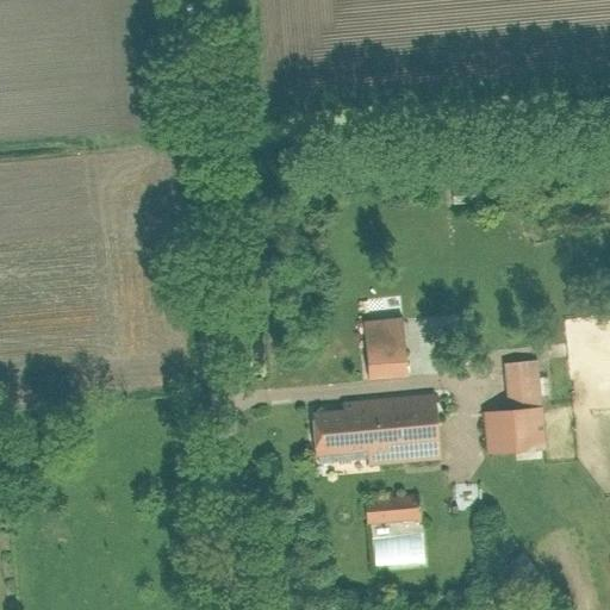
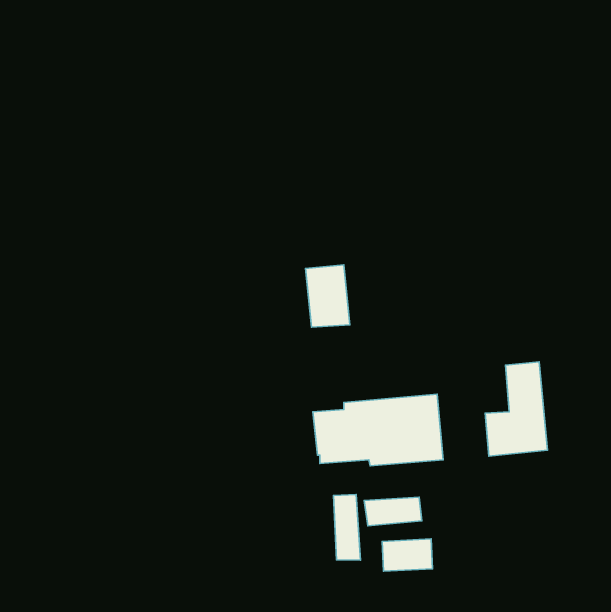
building: [363,317,407,379] -> [305,265,350,327]
building: none -> [333,495,361,560]

